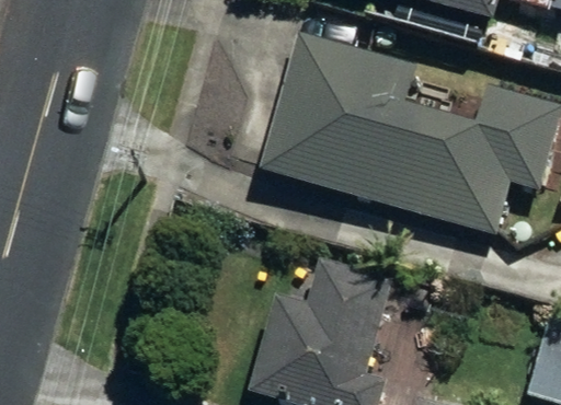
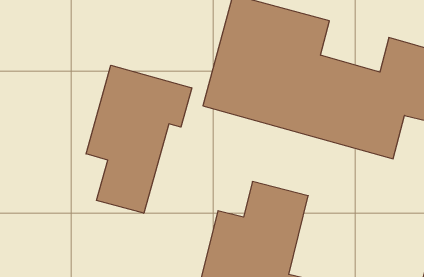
building: none -> [86,65,192,213]

